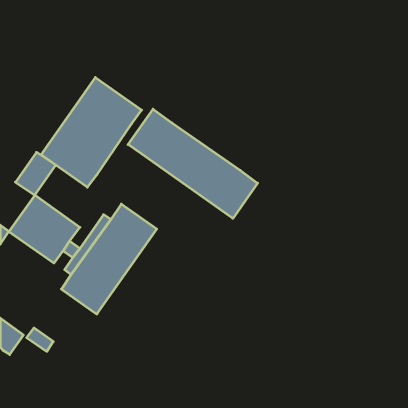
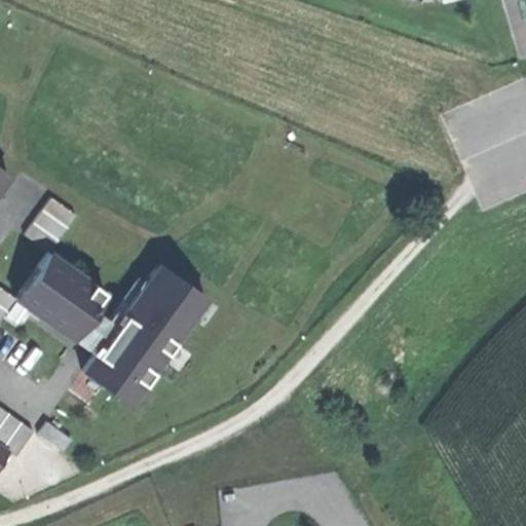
building: [41,77,142,187] -> none
building: [128,109,258,218] -> none

